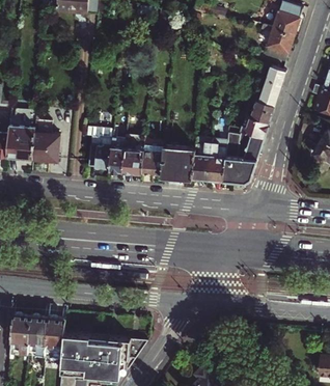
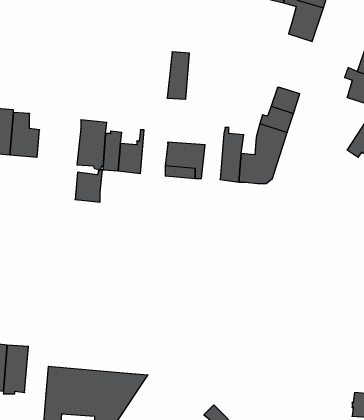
building: [257,66,285,107] -> none
building: [192,139,211,178] -> [167,52,189,99]
building: [141,148,164,175] -> [75,170,103,202]
building: [45,318,65,359] -> none

